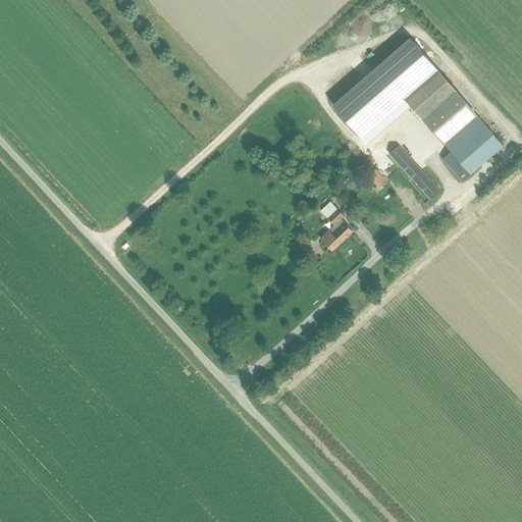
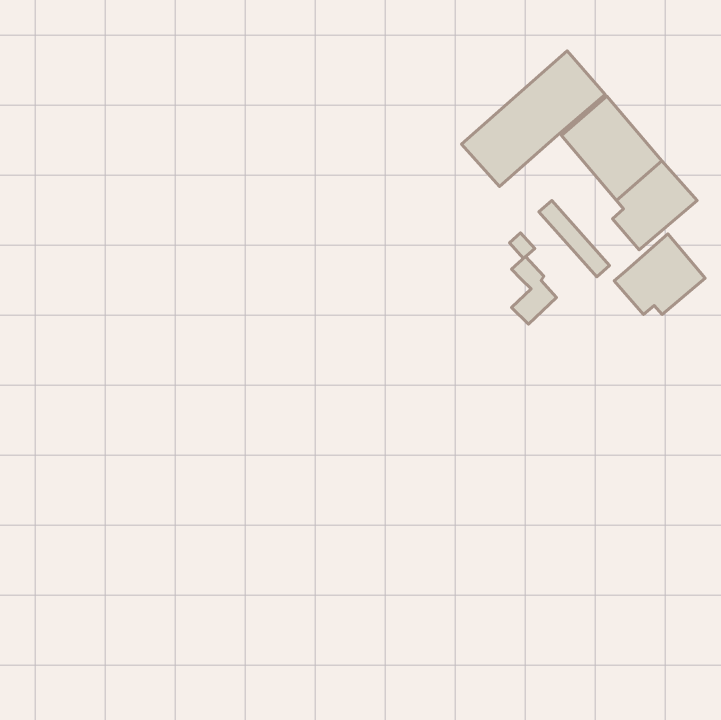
building: none -> [614,234,705,315]
building: [320,203,353,252] -> [511,257,557,324]

